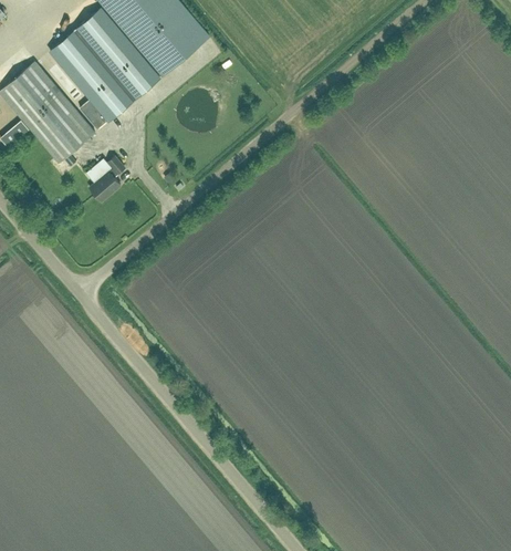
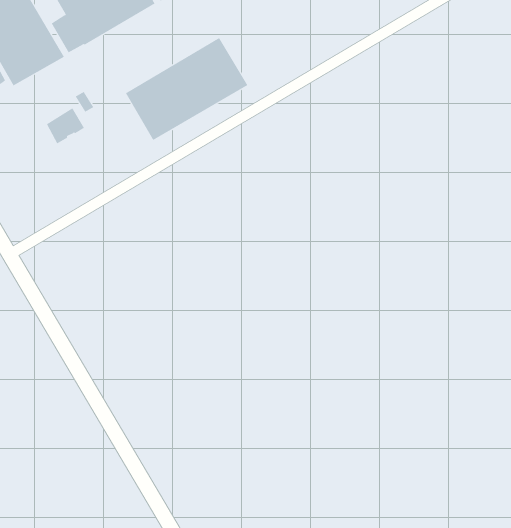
building: none -> [125,37,248,141]

